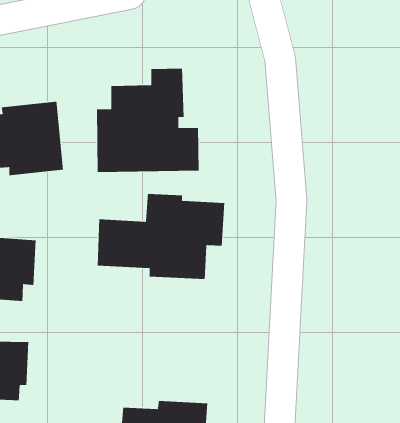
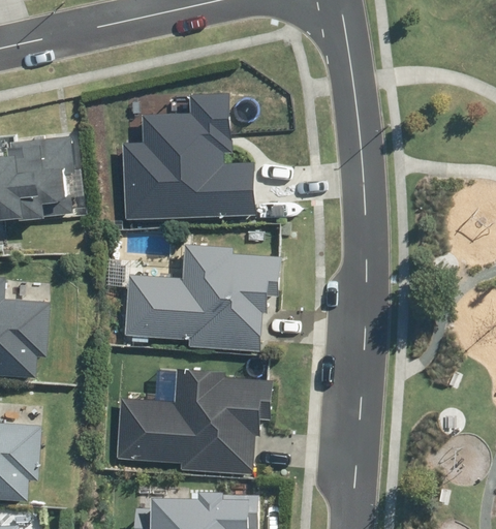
building: none -> [118,366,269,474]

